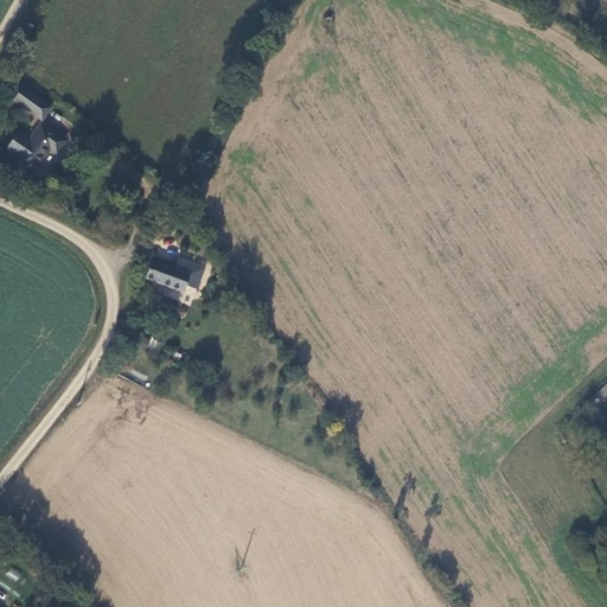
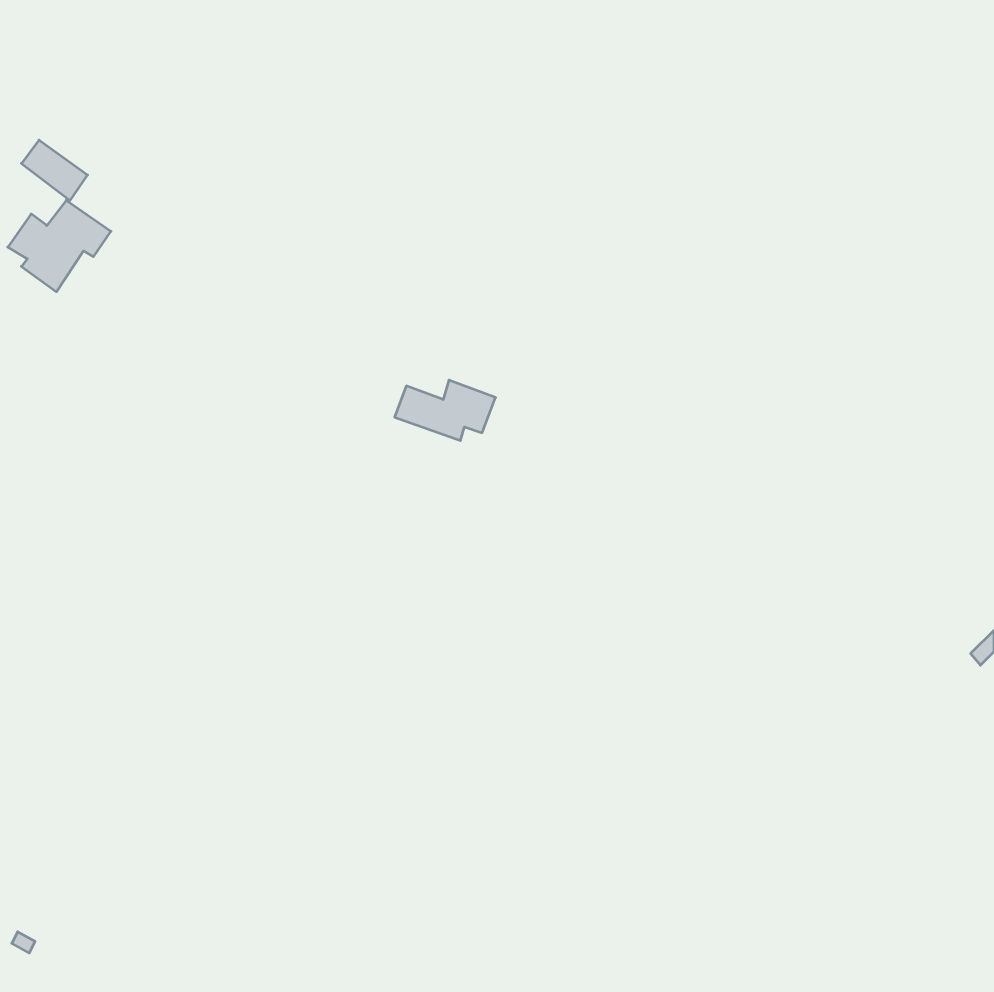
building: [145,258,206,295] -> [395,380,496,440]

